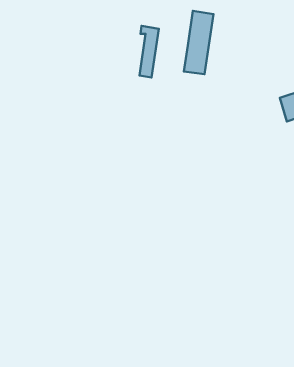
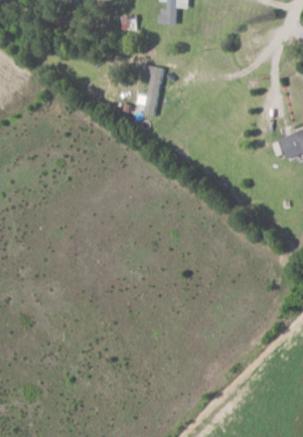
building: [184,11,213,74] -> none

